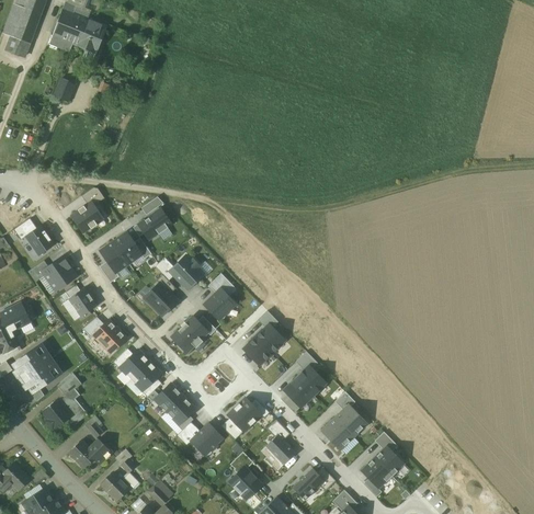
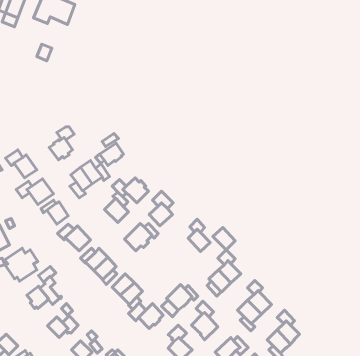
building: [242,335,272,365] -> [213,228,235,250]

